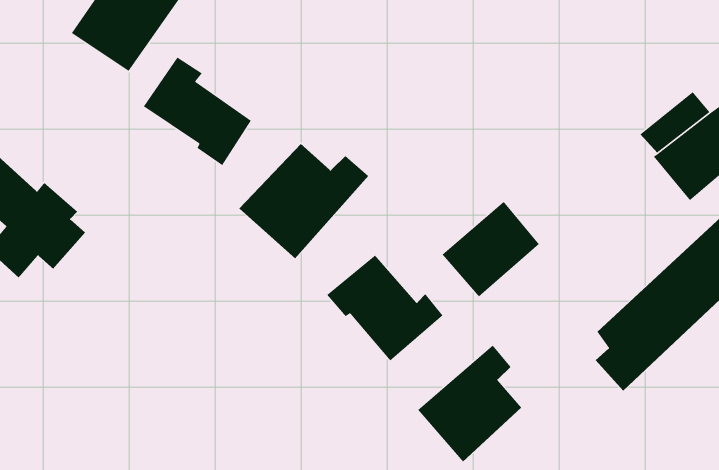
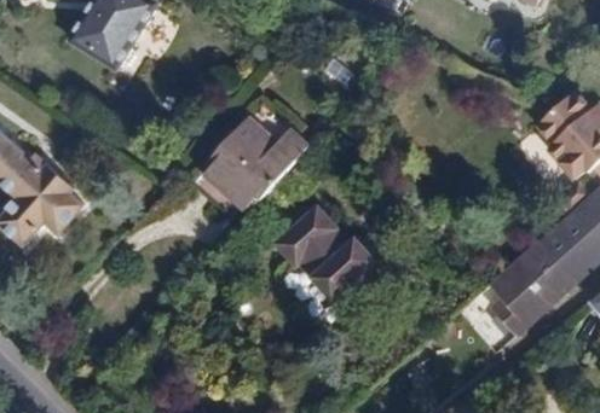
building: [143,57,252,166] -> none
building: [442,201,540,298] -> none
building: [417,345,522,463] -> none

